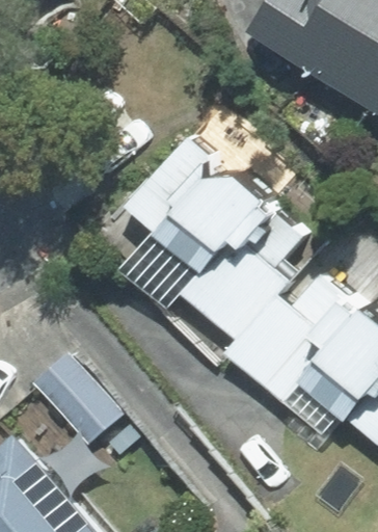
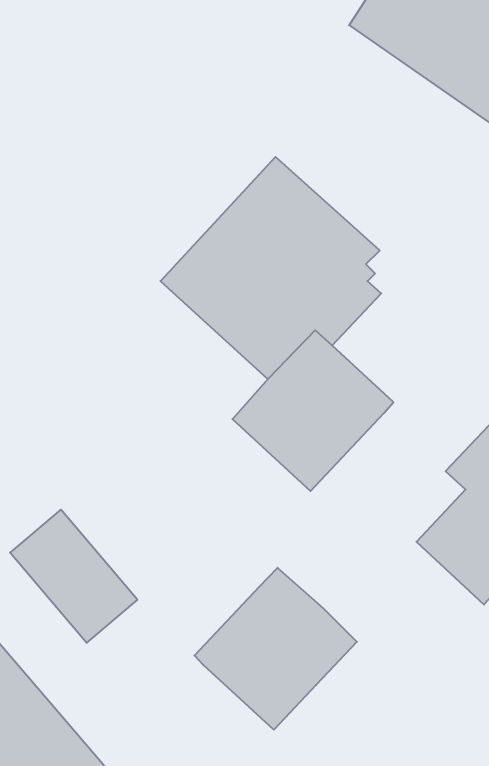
building: [230,291,341,403] -> none
building: none -> [194,568,357,730]

